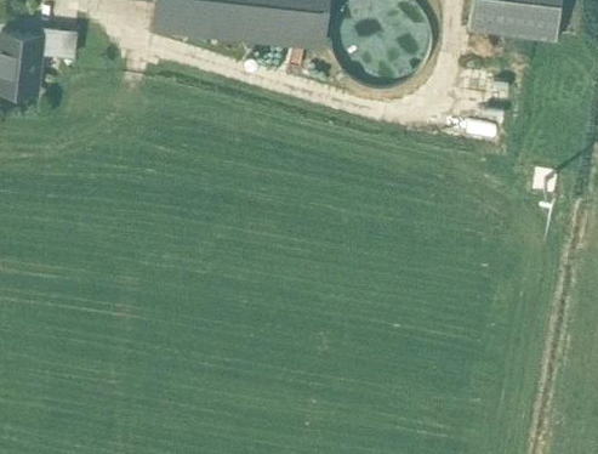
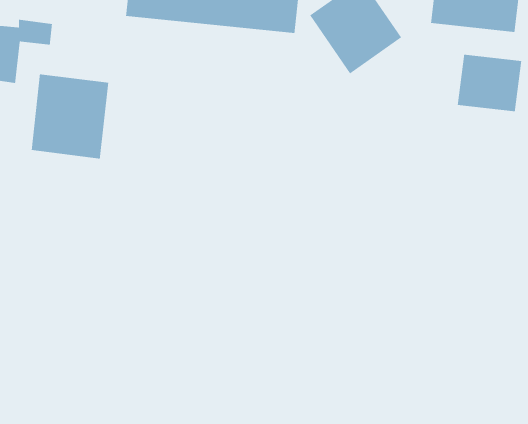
building: none -> [457,54,522,112]
building: none -> [31,73,109,159]

